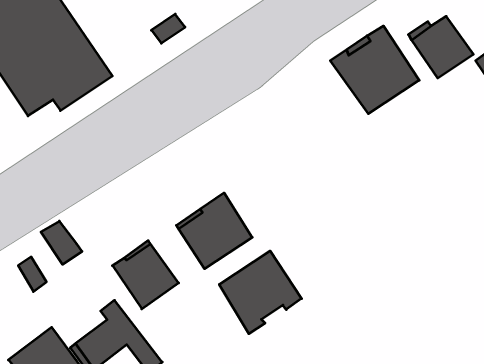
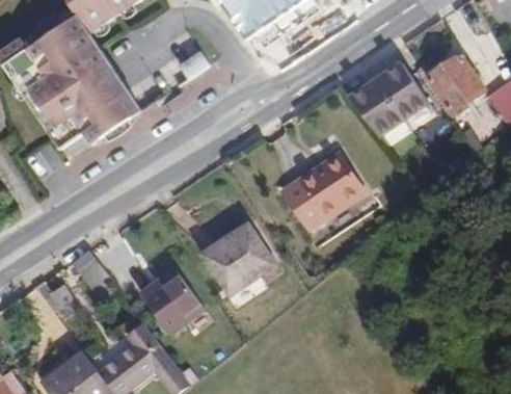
building: none -> [283,154,364,230]
building: [219,251,302,334] -> none

